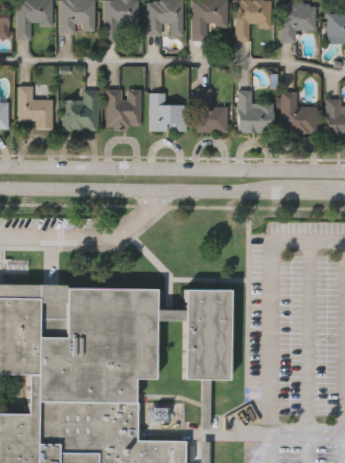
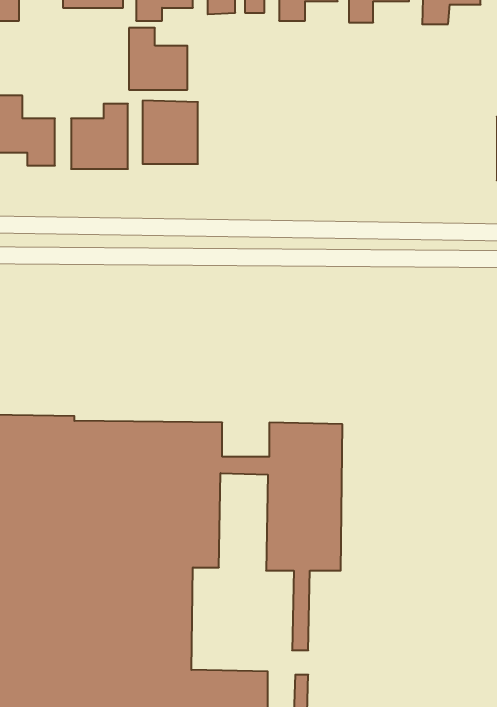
building: [197,88,228,132] -> none
building: [238,90,273,132] -> none
building: [282,92,317,133] -> none
building: [151,93,187,131] -> [129,28,187,90]

